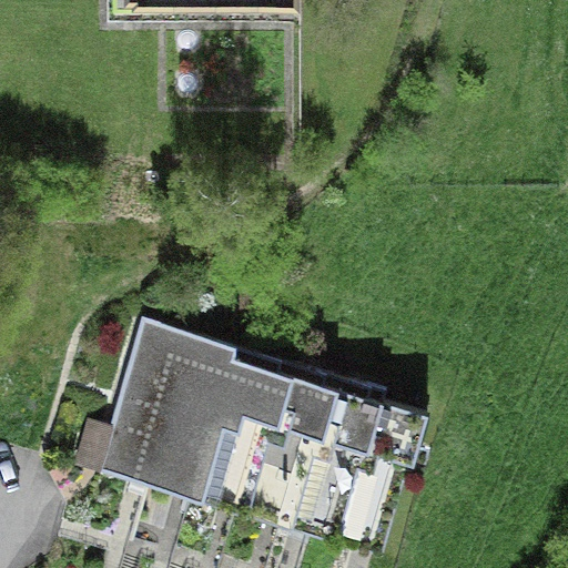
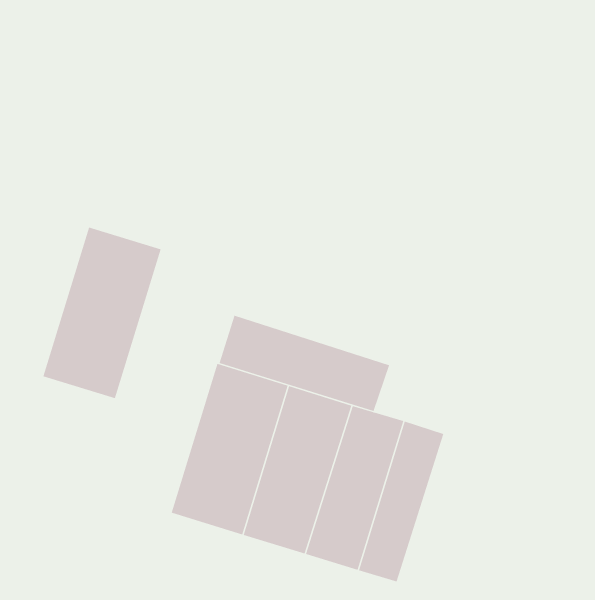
building: none -> [219,315,390,412]
building: [92,321,204,483] -> [43,227,162,399]

